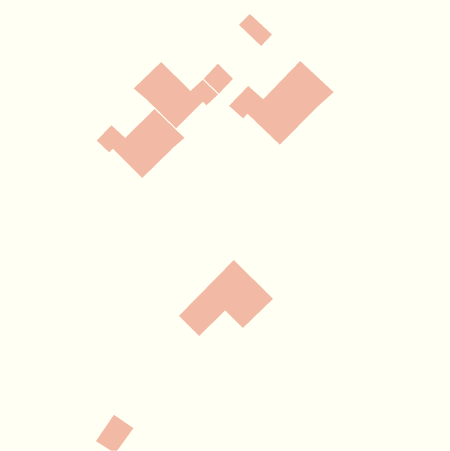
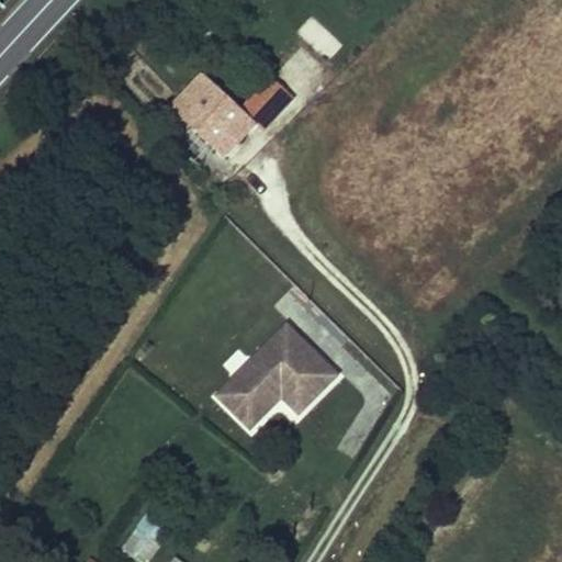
building: [228,60,334,145] -> none
building: [96,108,186,179] -> none

